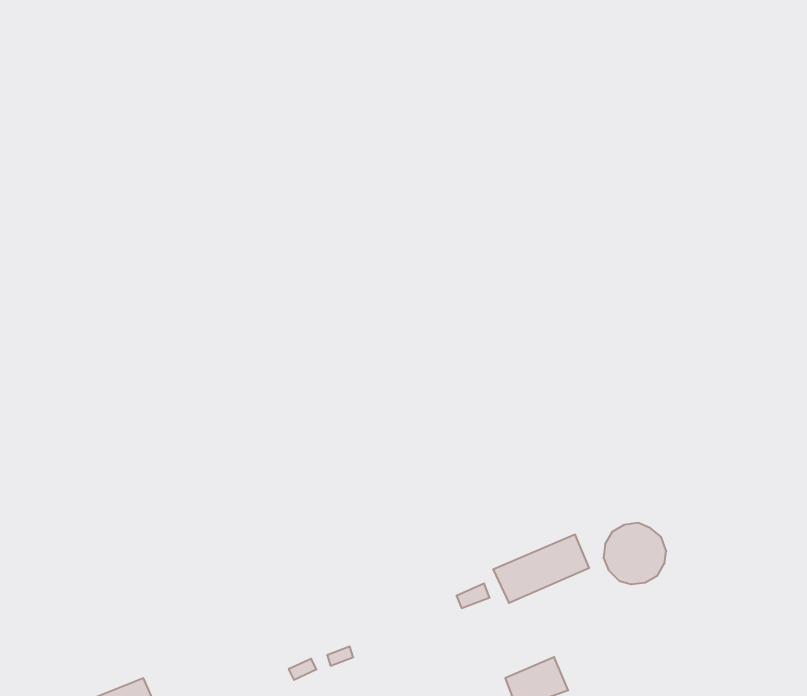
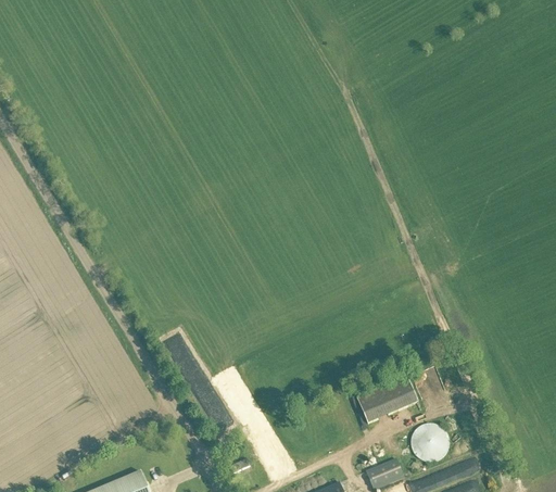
building: [603,523,666,584] -> [409,422,448,461]

